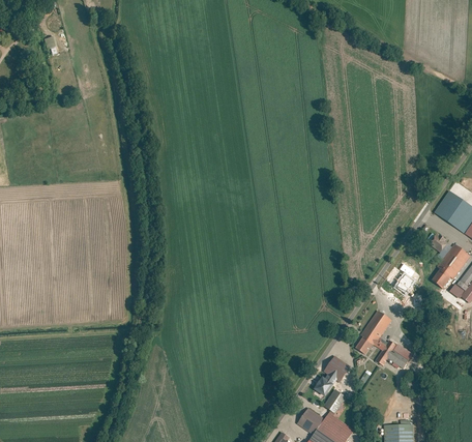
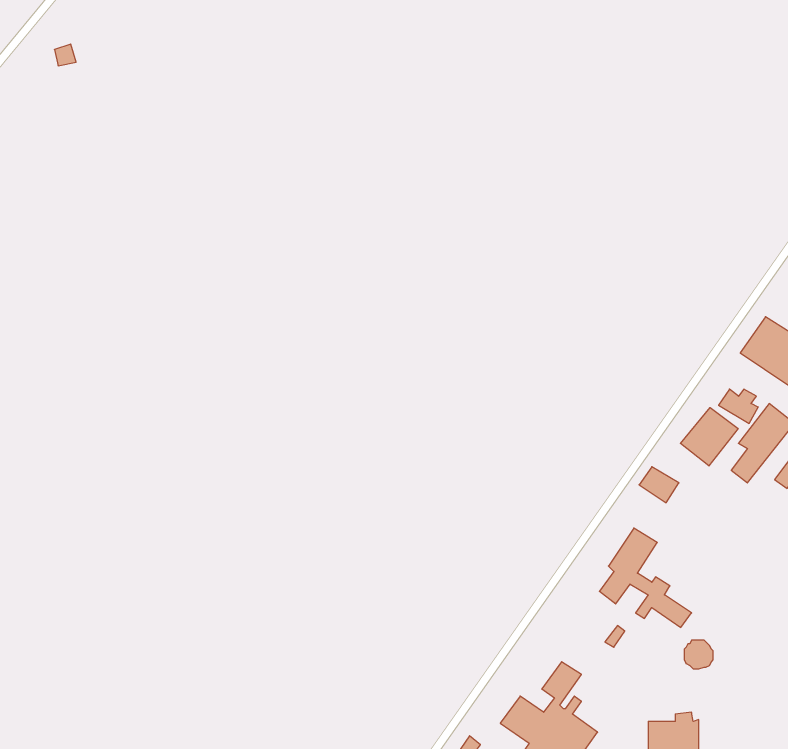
building: none -> [680,408,738,466]
building: [316,359,349,395] -> none

